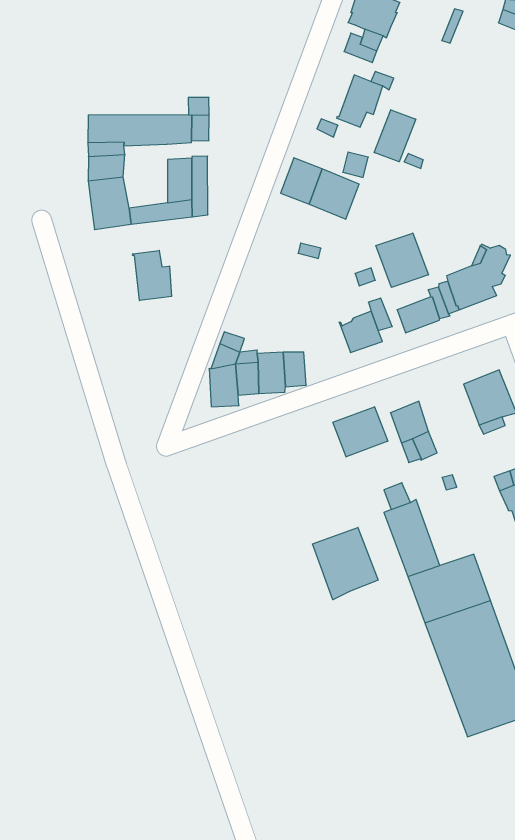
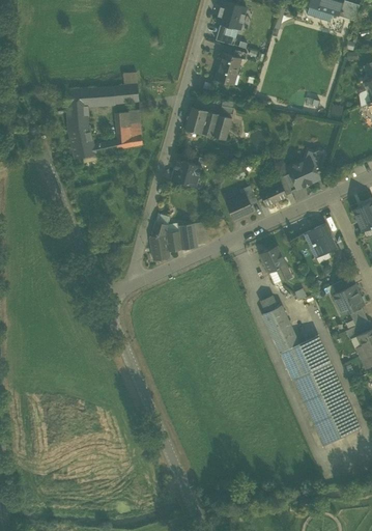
building: [374,110,416,162] -> none
building: [376,233,428,287] -> none
building: none -> [172,160,201,186]
building: [133,250,172,301] -> none
building: [333,407,388,457] -> none
building: [312,527,378,600] -> none

